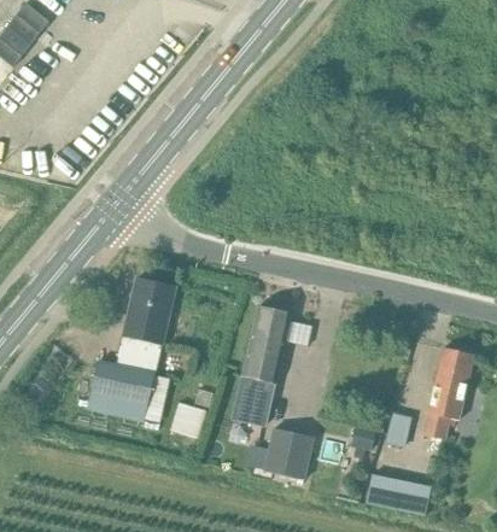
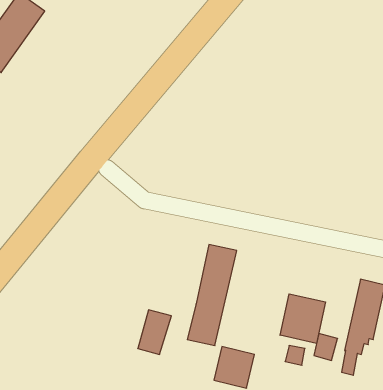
building: [86,276,174,420] -> none
building: none -> [280,294,325,343]

